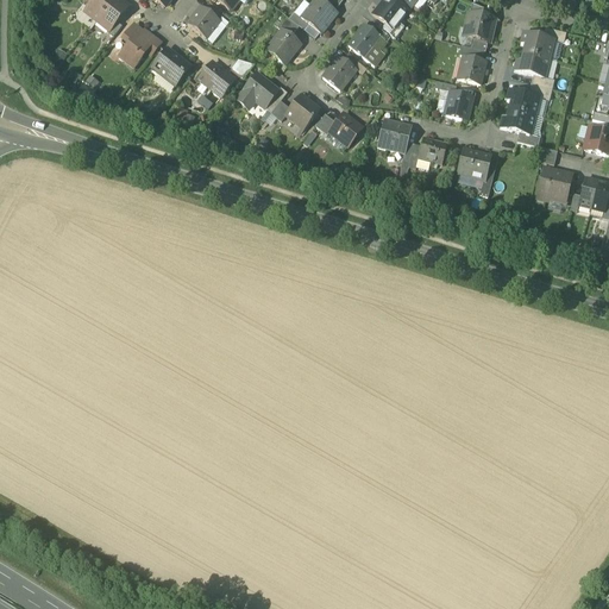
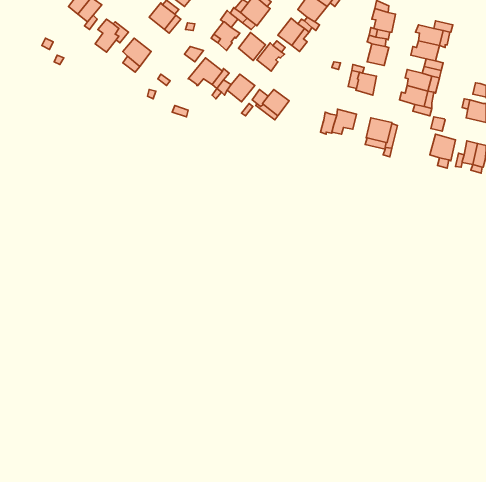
building: none -> [238,32,265,60]
building: [199,61,234,95] -> none
building: [377,118,412,152] -> none

